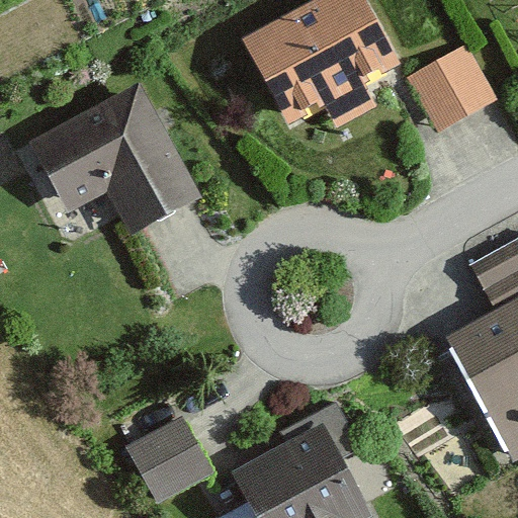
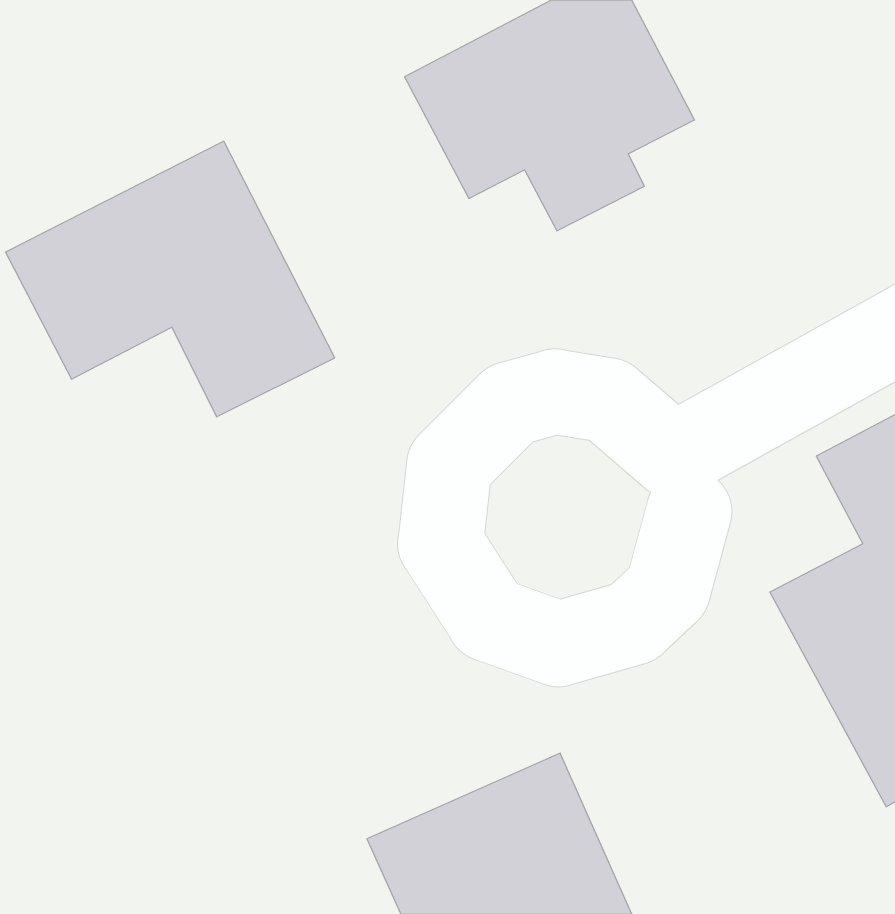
building: [411,48,499,133] -> none
building: [120,418,211,508] -> none

